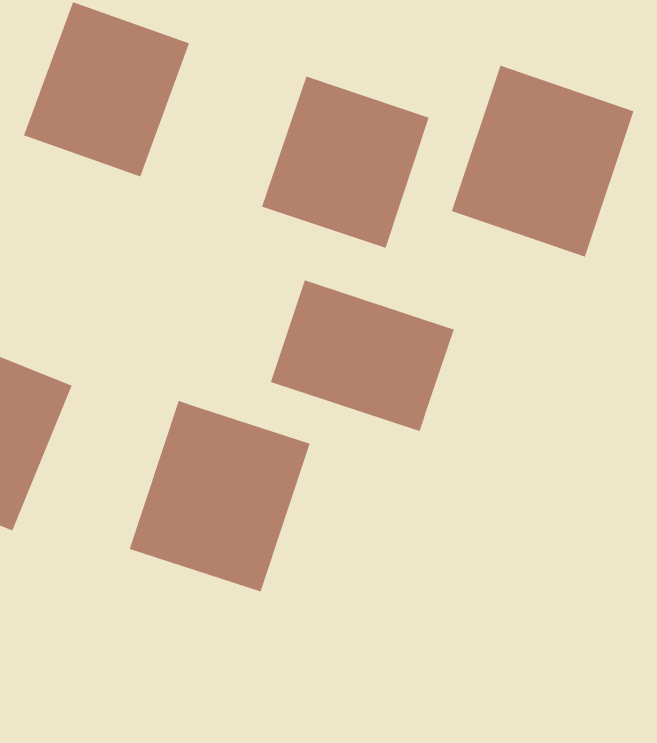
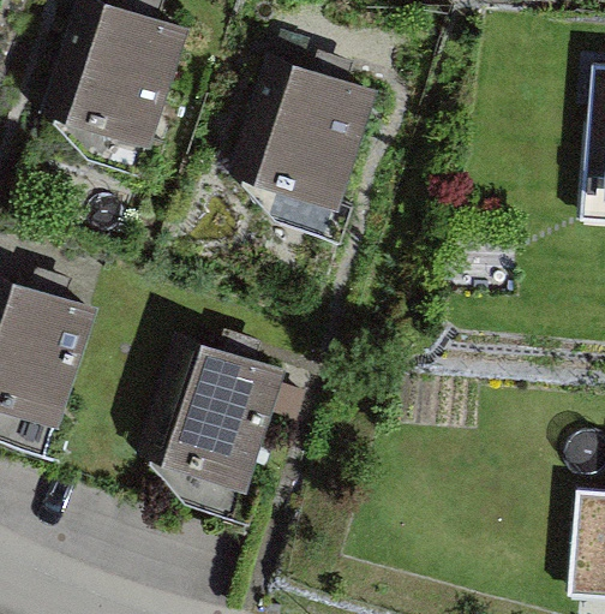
building: [451,65,634,258] -> none
building: [270,280,454,432] -> none

